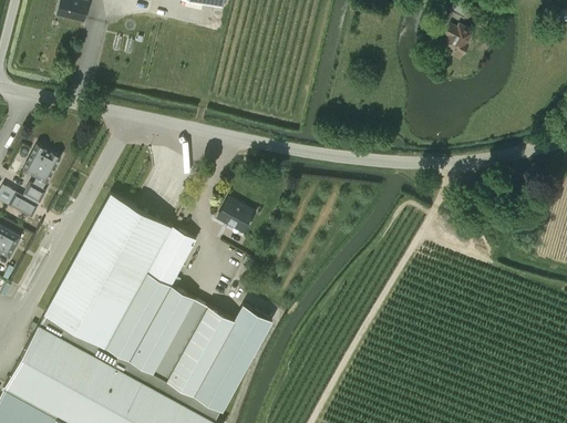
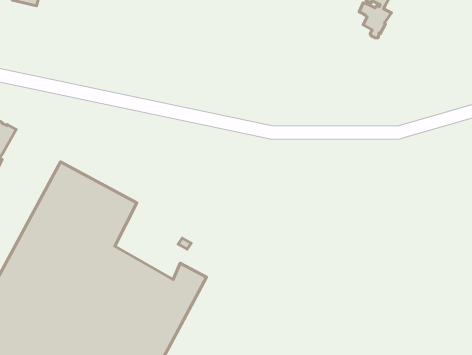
building: [218,199,257,231] -> none

